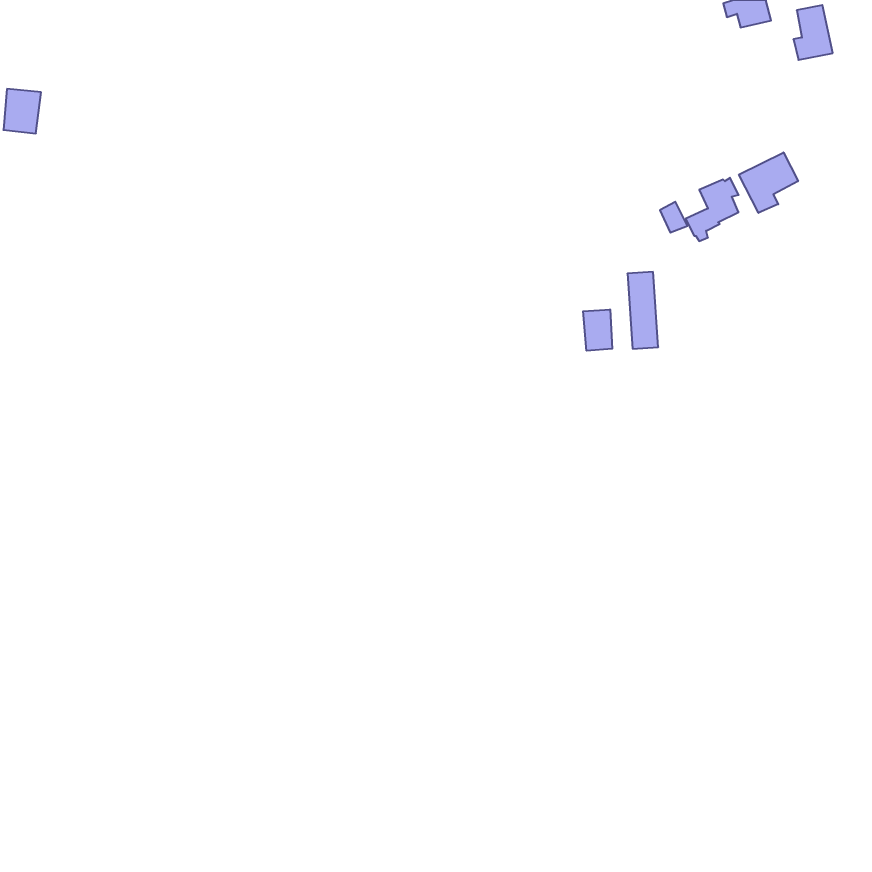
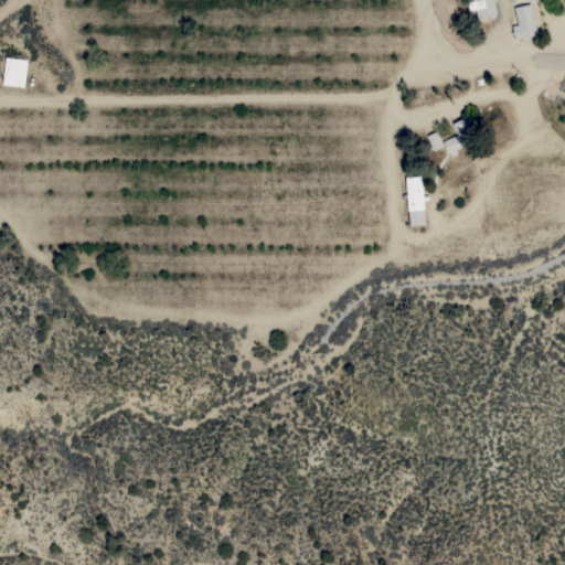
building: [739,152,798,213] -> none
building: [583,309,612,351] -> none

